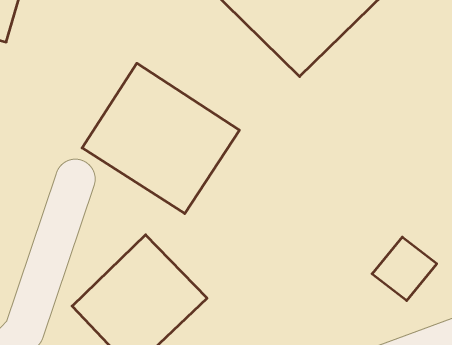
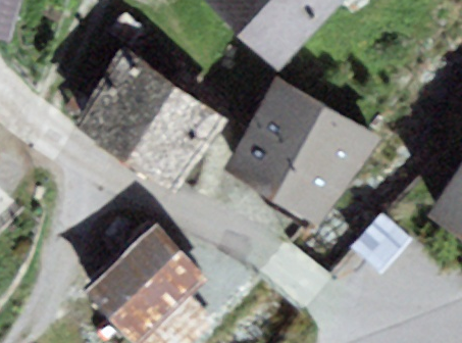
building: none -> [227,83,366,219]

